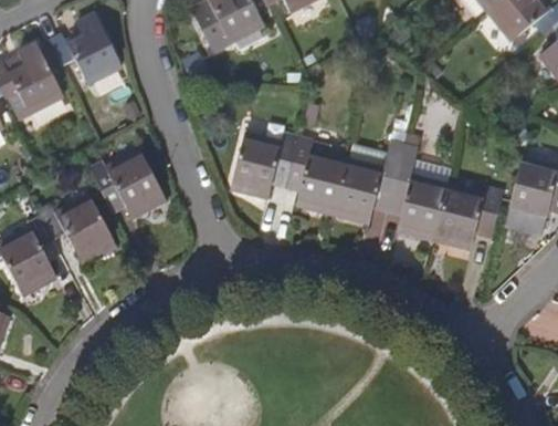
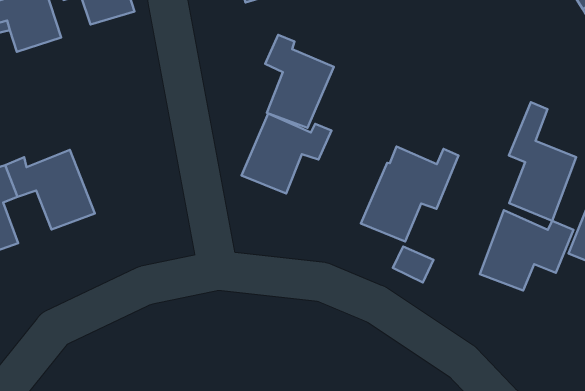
building: [292,143,348,215] -> [265,35,334,128]
building: [394,146,450,240] -> [509,102,576,221]
building: [85,154,166,220] -> none

